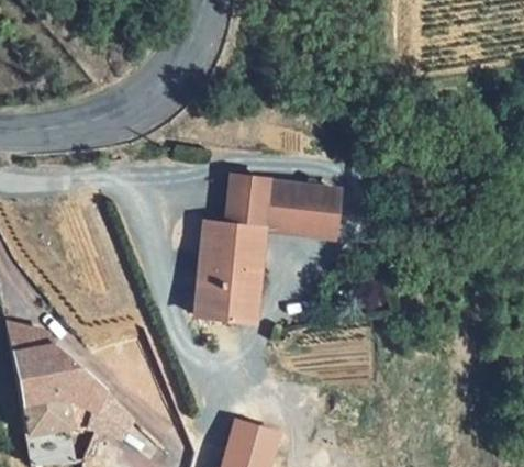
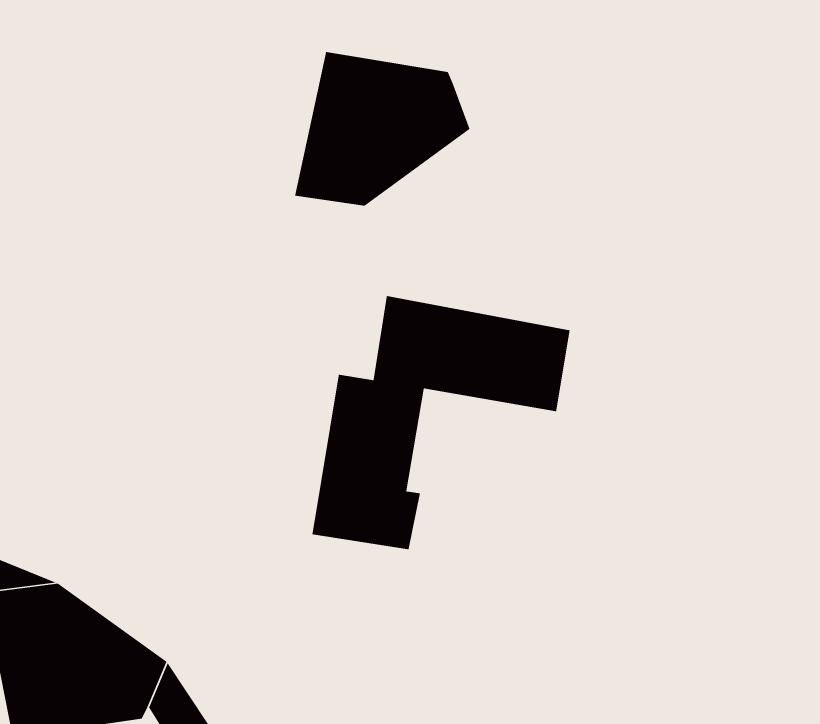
building: none -> [294,51,470,207]

